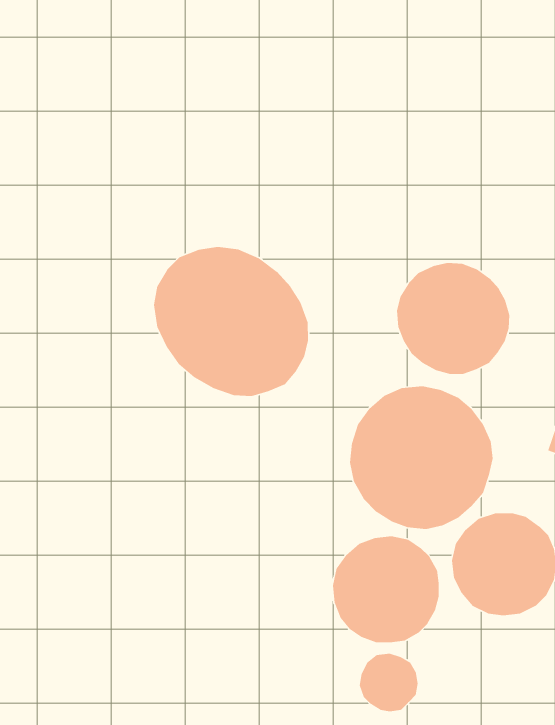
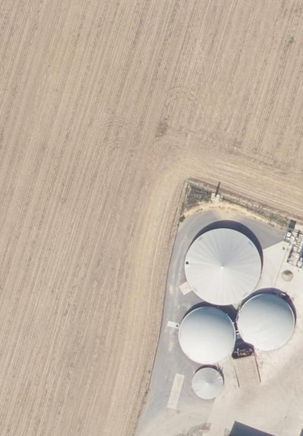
building: [153,246,309,397] -> none
building: [396,262,510,375] -> none

